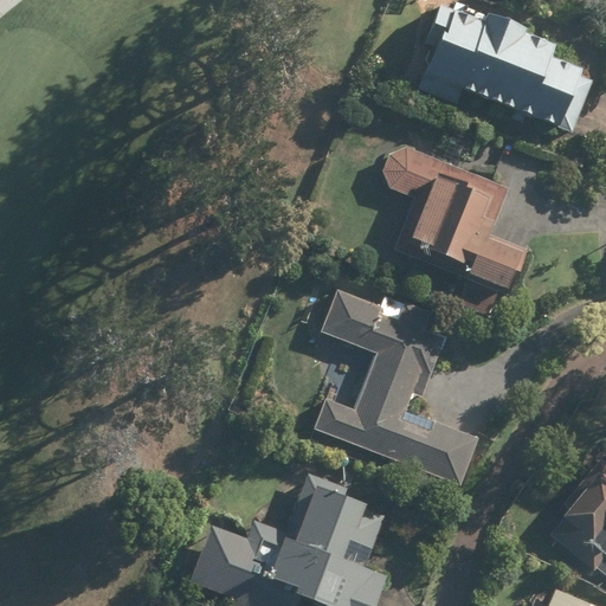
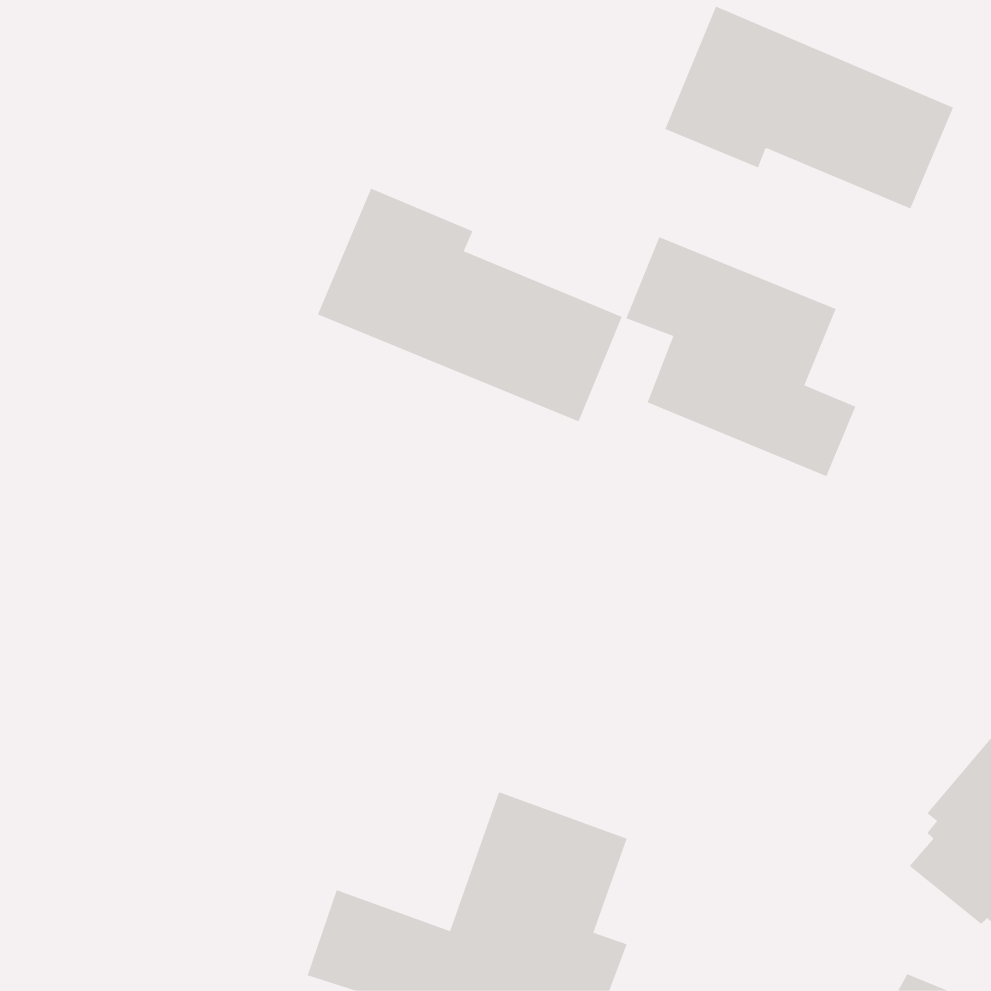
building: none -> [317,188,622,422]
building: [310,288,481,488] -> none

